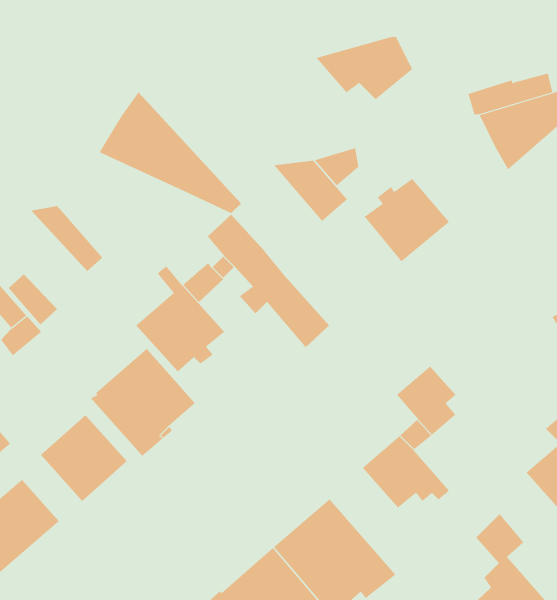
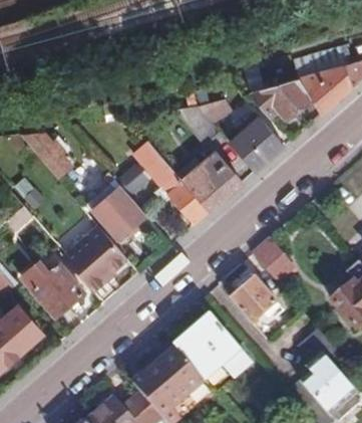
building: [316,37,413,100] -> [253,77,313,117]
building: [99,91,242,214] -> none
building: none -> [185,152,242,208]

